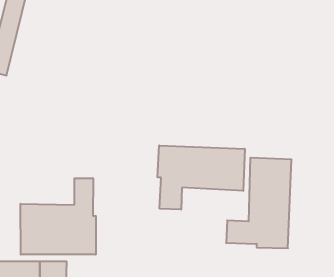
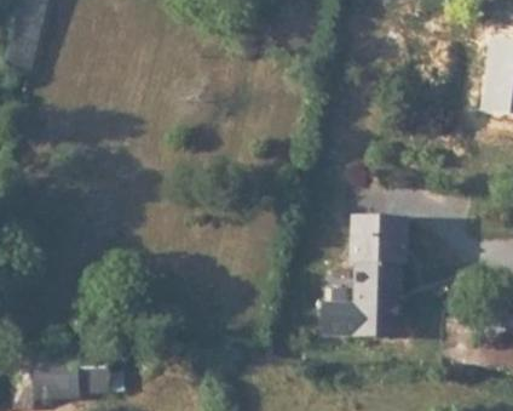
building: [158,145,245,210] -> none
building: [21,178,96,255] -> none

